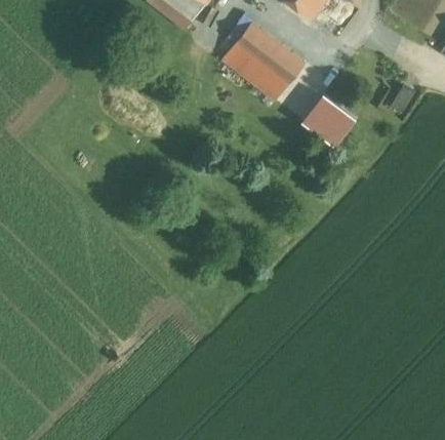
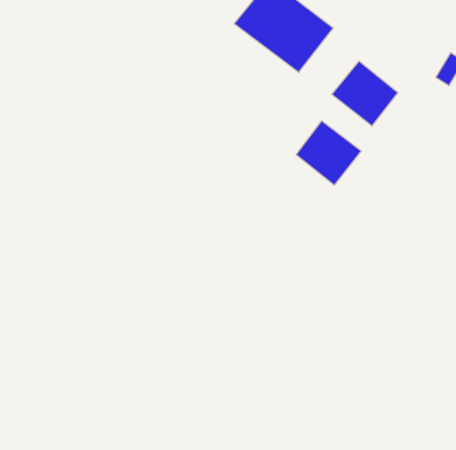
building: none -> [296,121,361,185]

